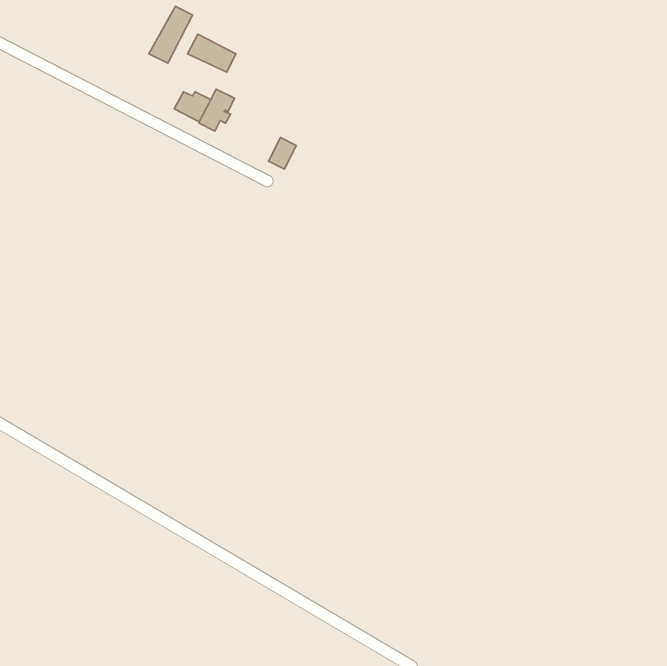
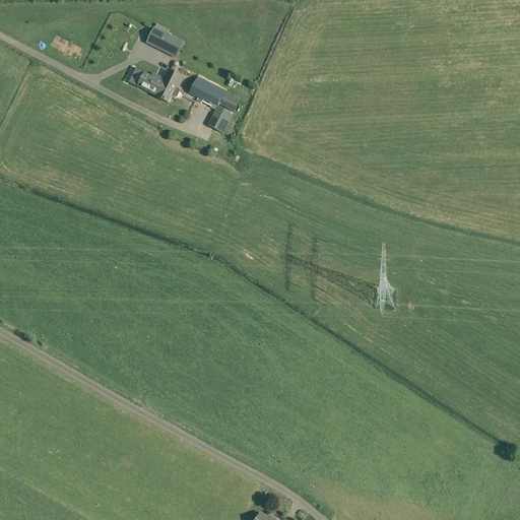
building: [149,6,192,63] -> none
building: none -> [187,74,241,110]

